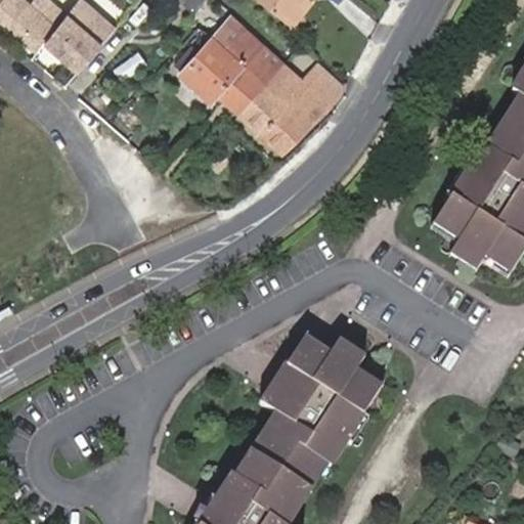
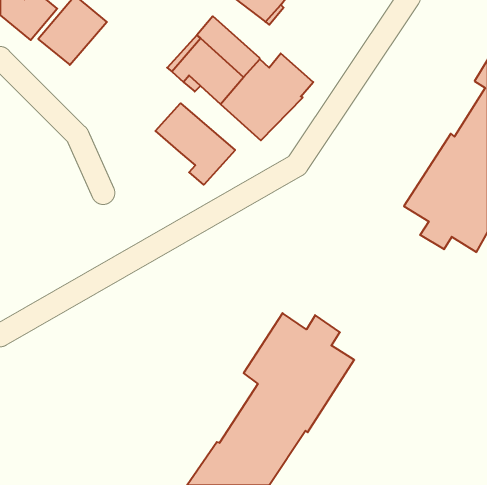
building: none -> [155,103,235,185]

